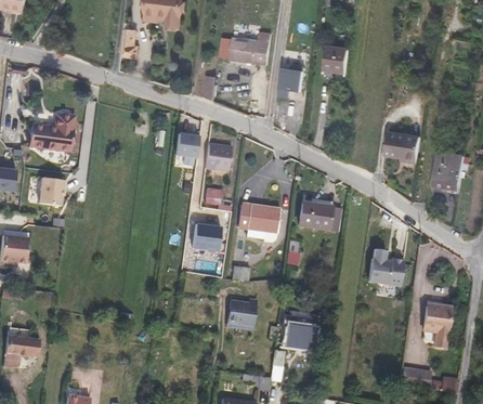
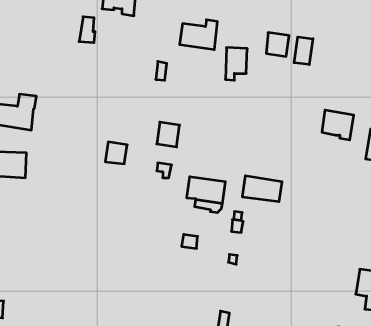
building: none -> [294,37,313,65]
building: [174,133,198,157] -> [105,142,127,164]
building: [193,222,220,249] -> none
building: [369,250,404,287] -> none
building: [226,300,256,326] -> none
building: [284,315,315,347] -> none

